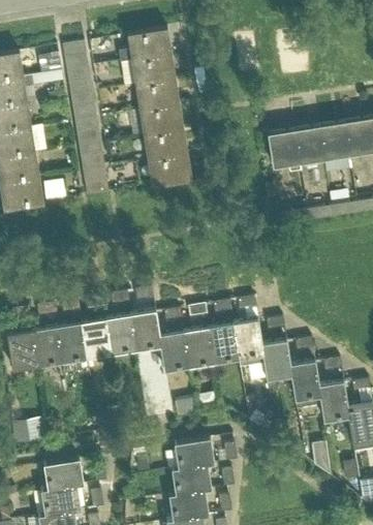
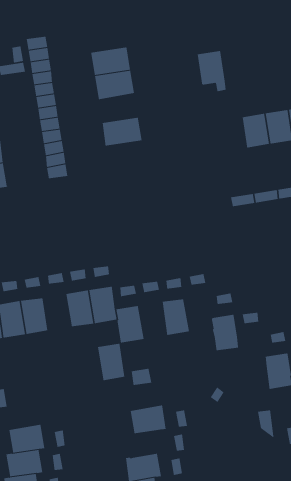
building: [119,29,172,63] -> none
building: [141,104,184,136] -> none
building: [269,130,301,175] -> [197,50,227,92]
building: [148,155,192,187] -> none
building: [82,319,112,359] -> none
building: [232,320,265,369] -> none
building: [184,328,214,368] -> [97,343,125,381]
building: [290,362,321,409] -> none
building: [172,465,211,495] -> none

